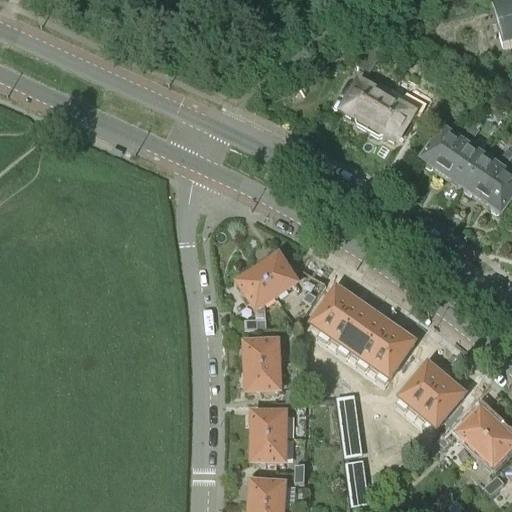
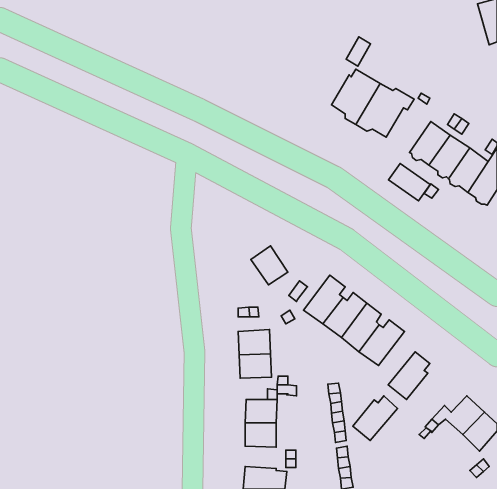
building: none -> [388,163,430,201]
building: [238,267,276,307] -> none
building: [418,380,464,426] -> [353,396,398,441]

